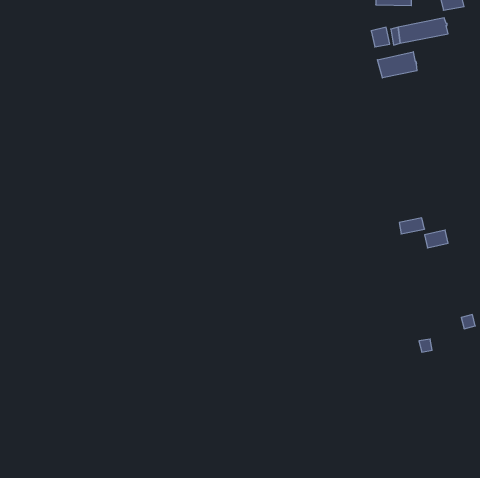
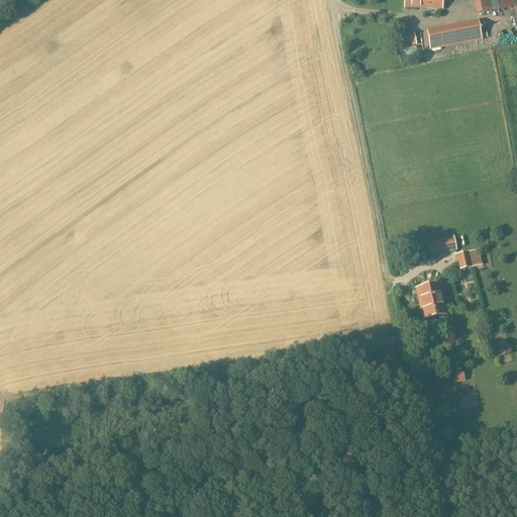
building: [377,52,417,78] -> none
building: none -> [417,281,446,317]

